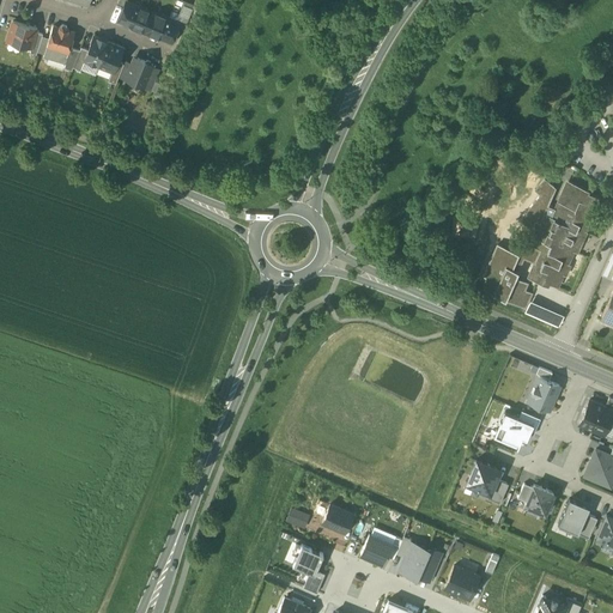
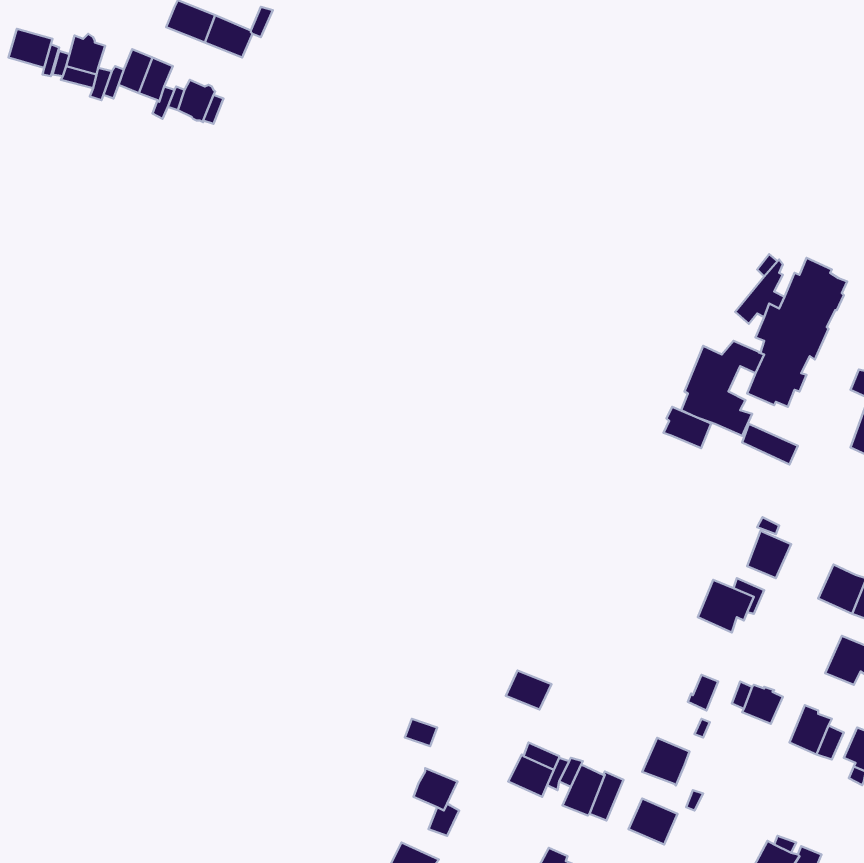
building: none -> [664,407,711,448]
building: [467,460,500,493] -> [642,738,689,785]
building: [322,505,354,533] -> [506,670,551,709]

